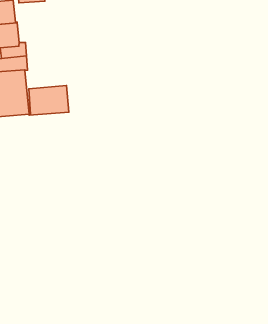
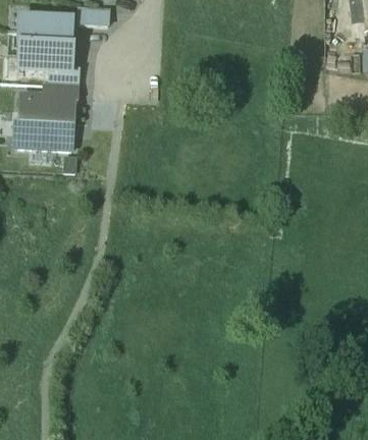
building: [29,86,69,115] -> none

